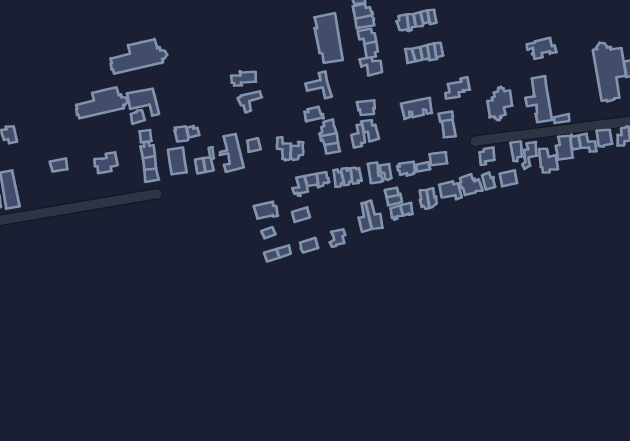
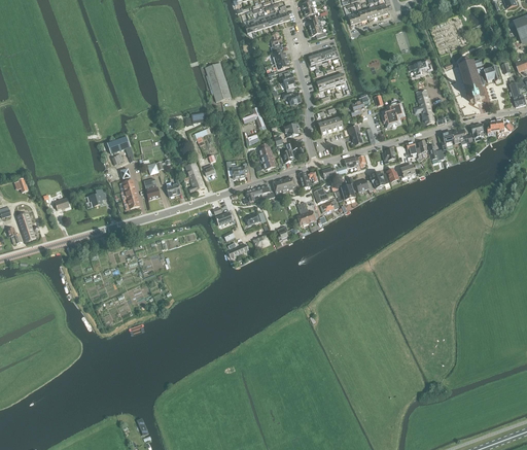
building: [314,13,343,63] -> [204,61,230,100]
building: [111,39,167,74] -> none
building: [76,87,128,118] -> none

